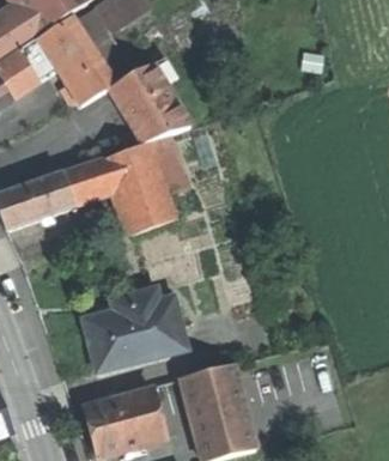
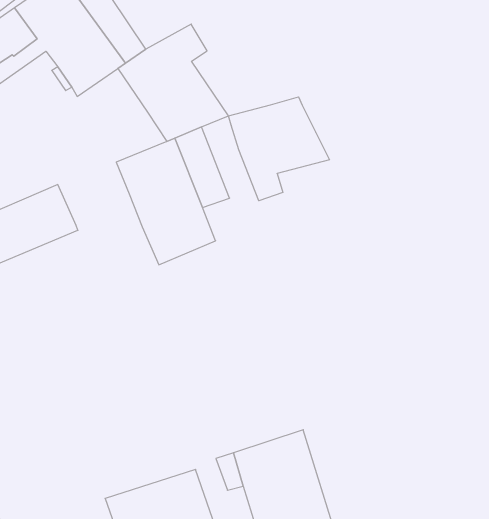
building: none -> [228,97,329,201]
building: [60,157,113,202] -> none
building: [85,290,187,370] -> none

